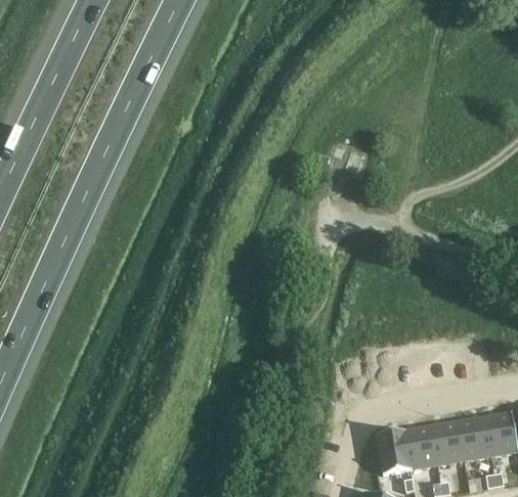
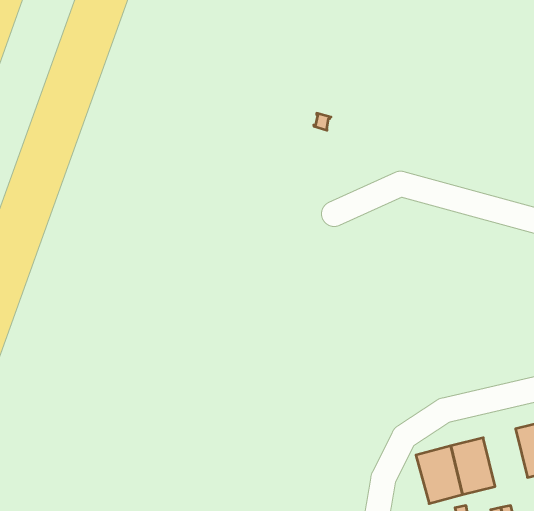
building: [433,419,466,464] -> none

